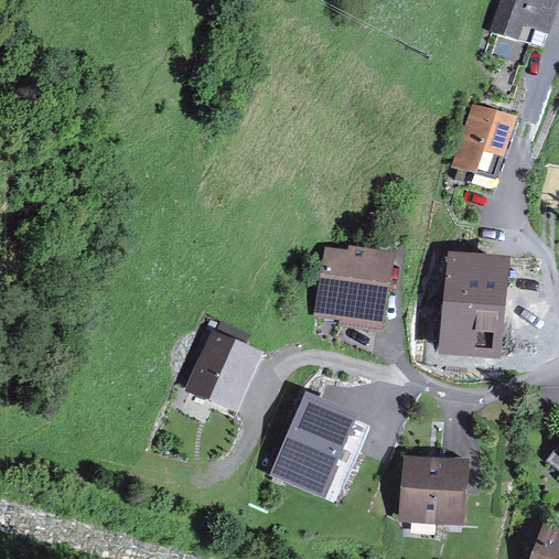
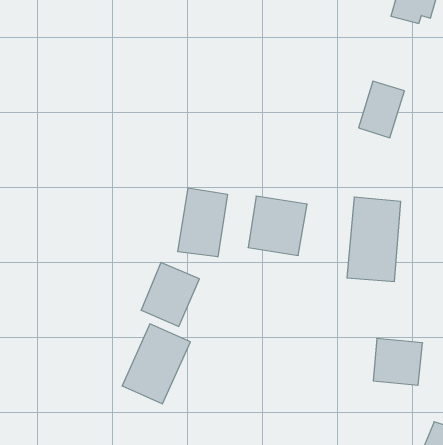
building: none -> [178,188,227,257]
building: [270,398,354,496] -> [122,324,190,404]
building: [400,462,461,519] -> [373,338,423,385]

